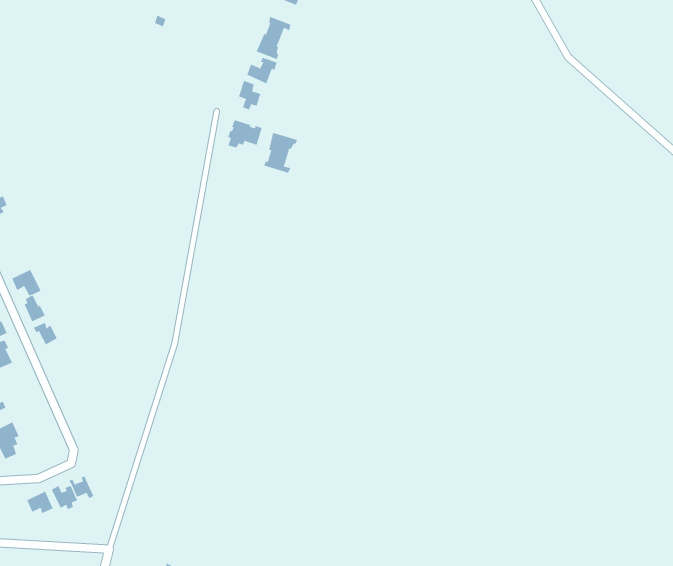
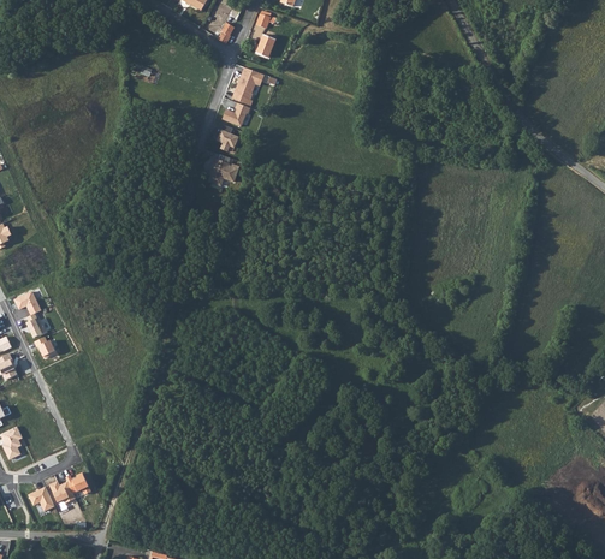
building: [263,132,298,173] -> none

